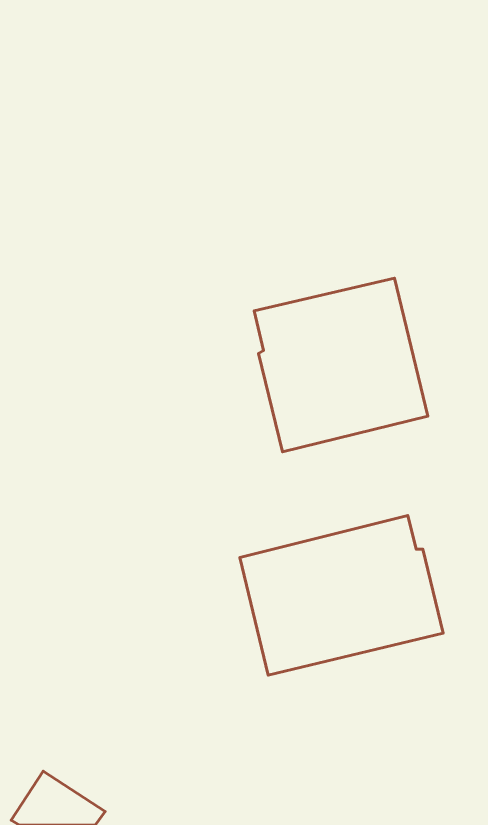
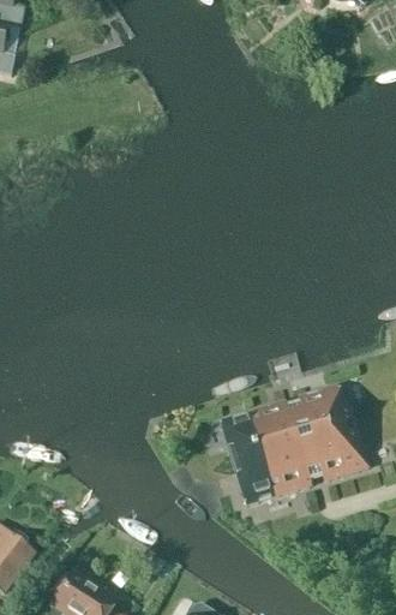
building: [254,278,428,452] -> none

